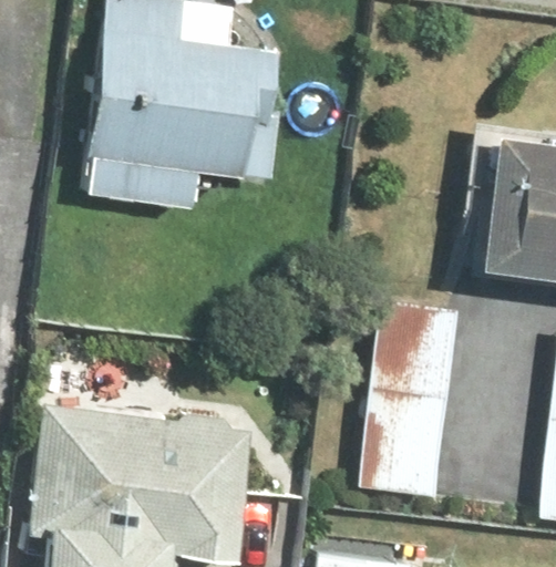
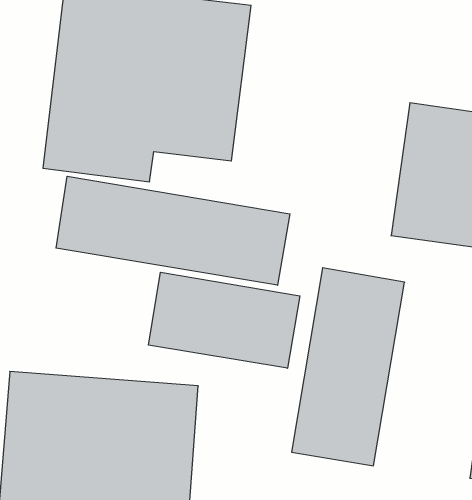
building: none -> [56,176,290,285]
building: none -> [149,272,300,368]

